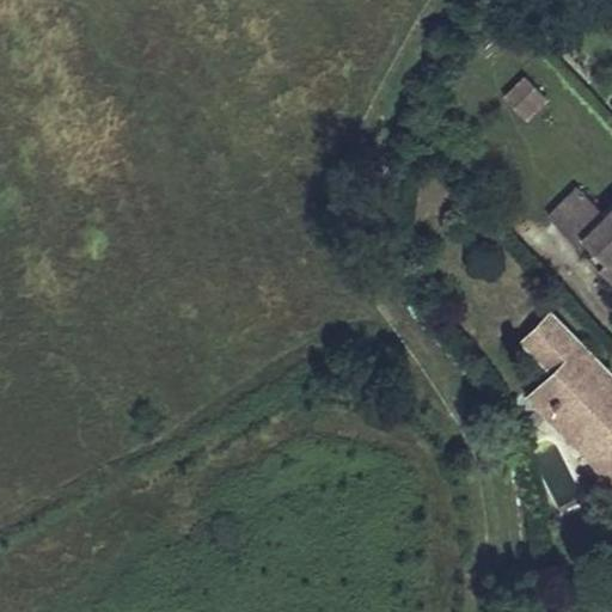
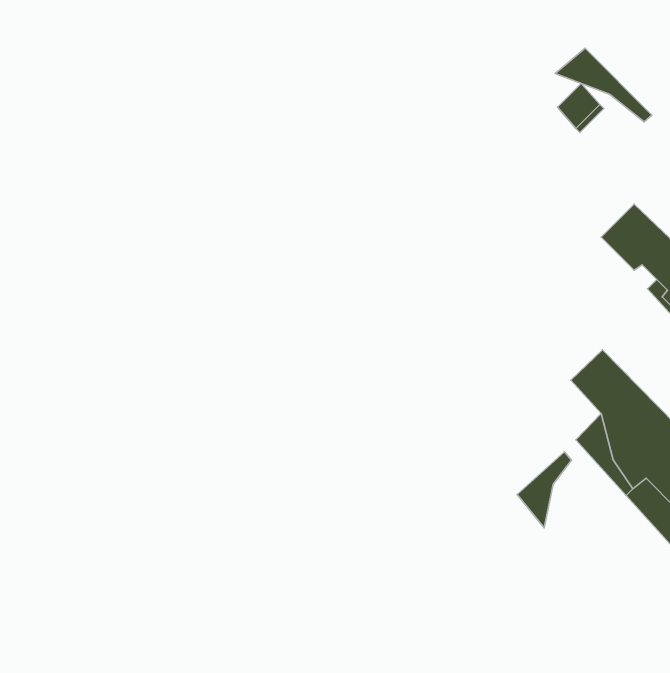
building: none -> [555,48,652,122]
building: none -> [517,452,572,528]

